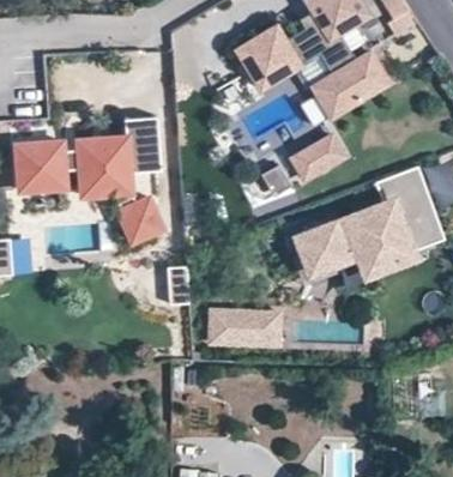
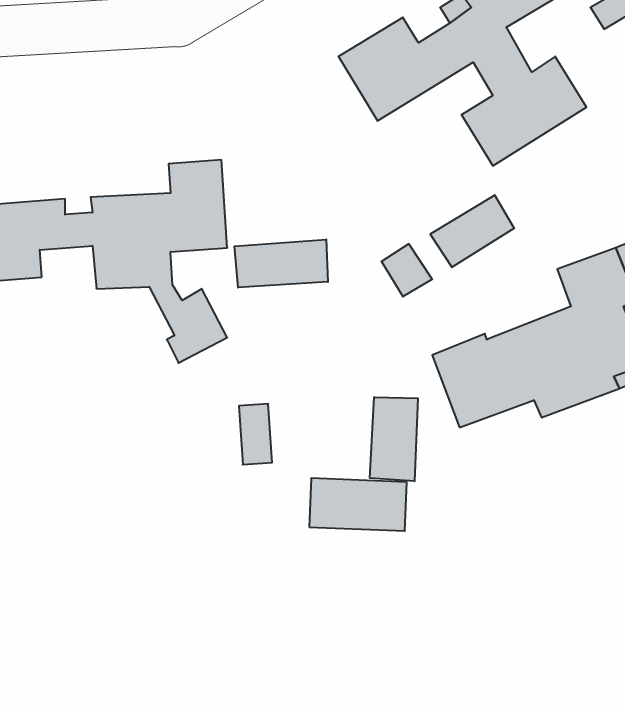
building: none -> [234,239,328,288]
building: none -> [370,397,418,481]

